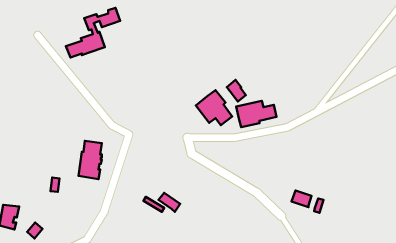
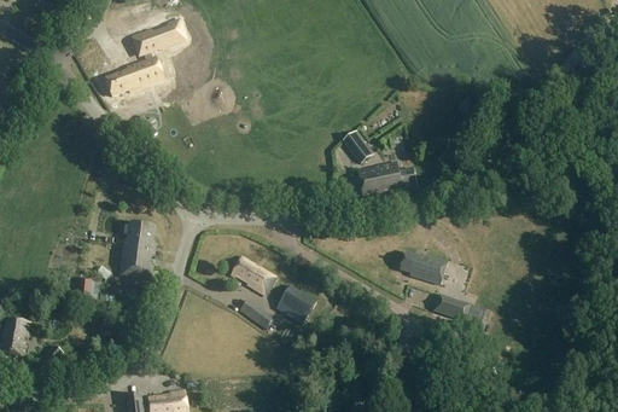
building: [196,90,232,125] -> none
building: none -> [398,253,445,282]
building: none -> [231,255,276,295]
building: none -> [276,285,316,324]

